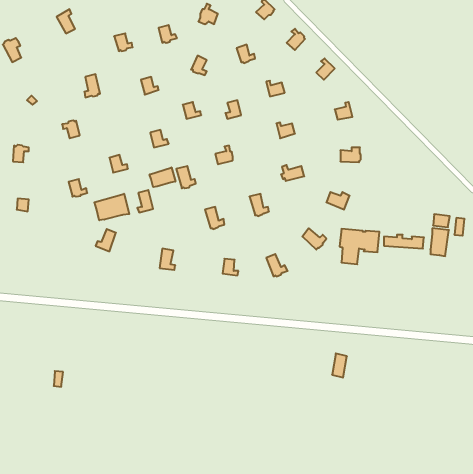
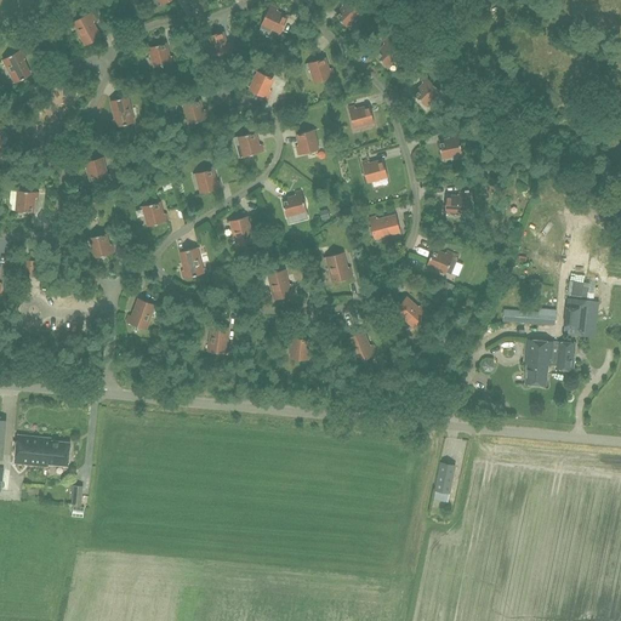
building: [150,167,175,187] -> none
building: [94,194,129,220] -> none
building: [340,229,379,264] -> [523,340,575,386]
building: none -> [13,435,68,467]

